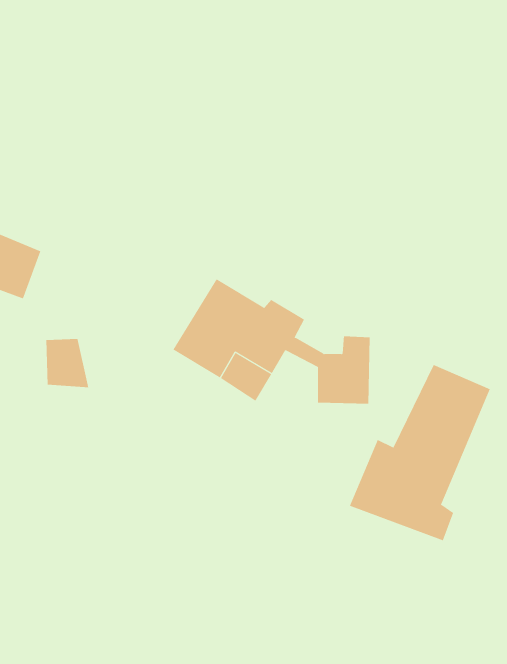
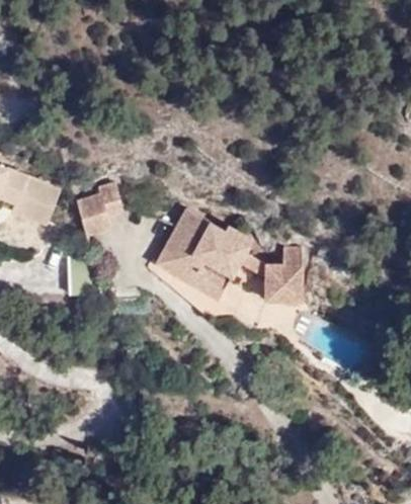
building: none -> [78,182,125,236]
building: [349,364,490,541] -> none

